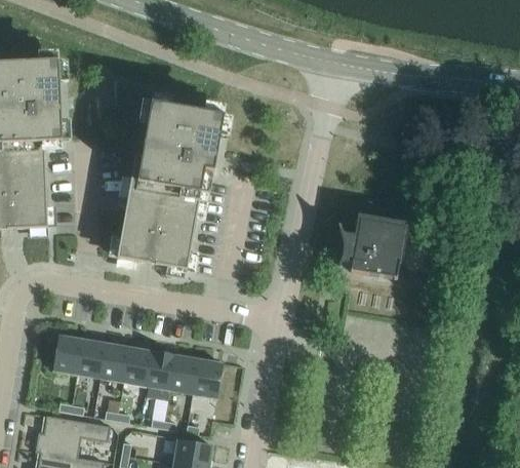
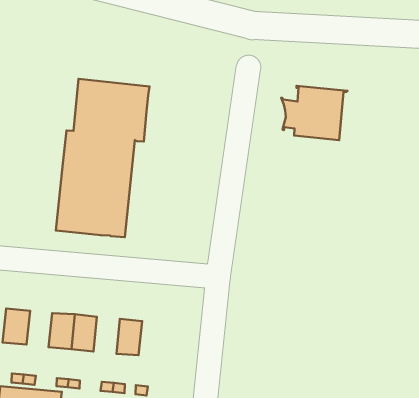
building: [338,219,408,278] -> [281,86,347,140]
building: [77,339,106,378] -> none
building: [146,350,175,390] -> none
building: [192,358,222,397] -> none

